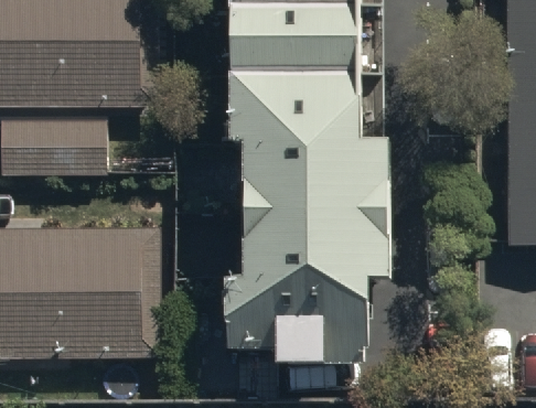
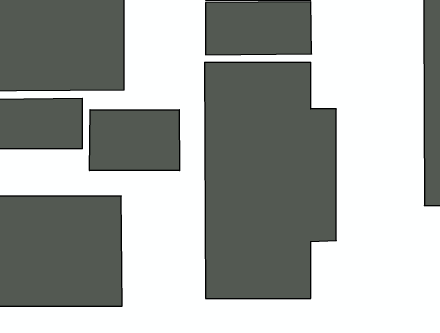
building: none -> [90,110,180,171]

